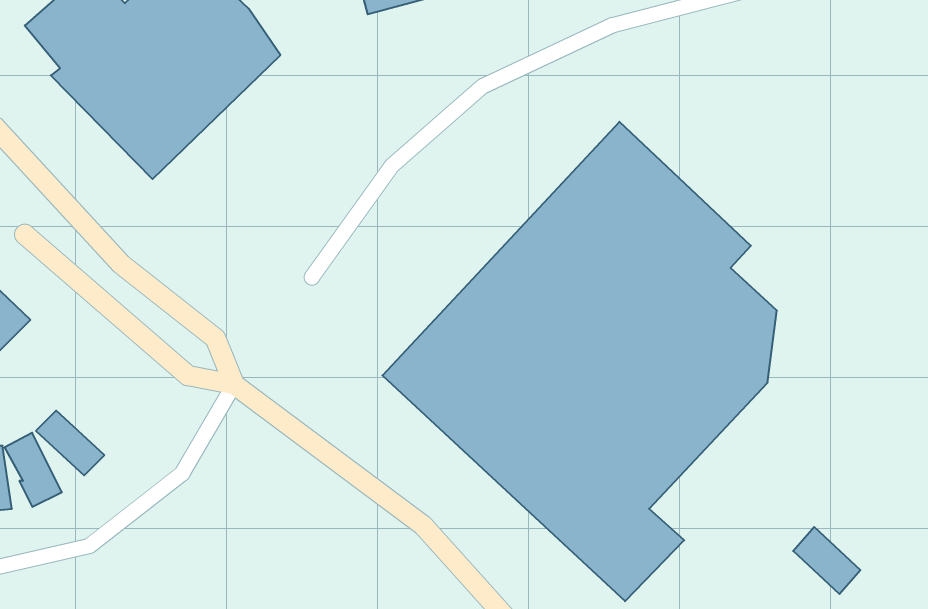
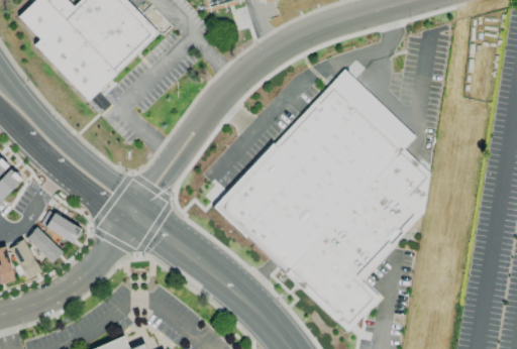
building: none -> [39,207,79,241]
building: [793,527,860,594] -> none

